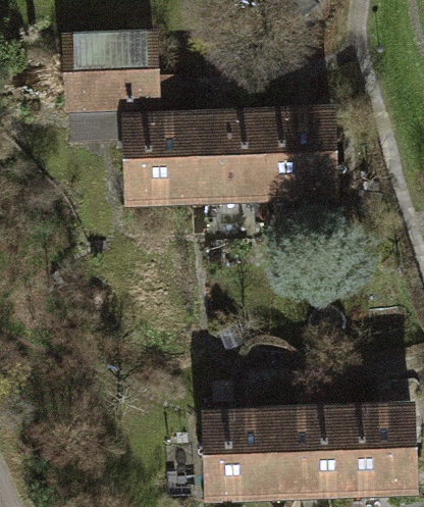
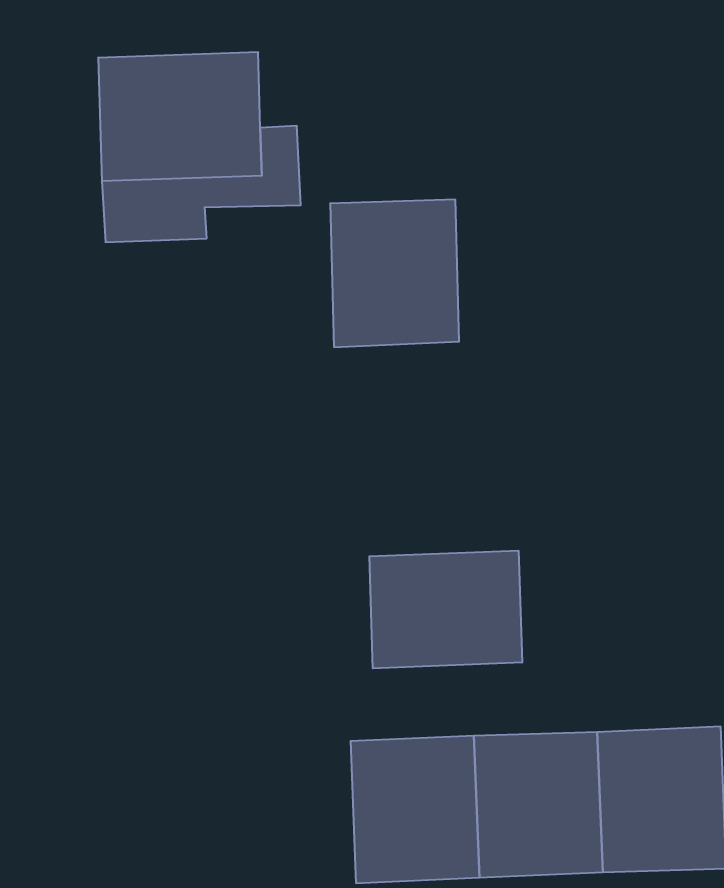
building: [263,114,334,196] -> none
building: [124,119,196,201] -> none
building: none -> [369,551,522,668]

